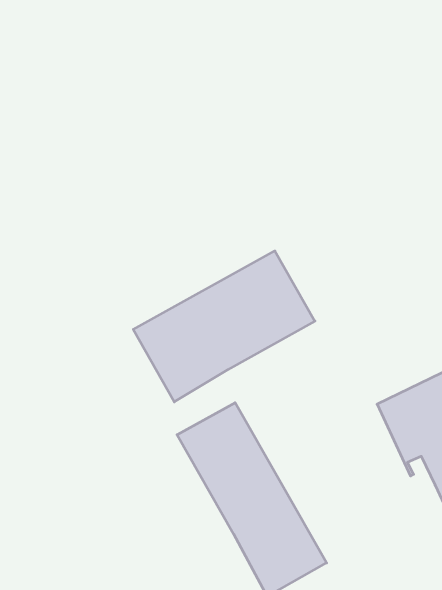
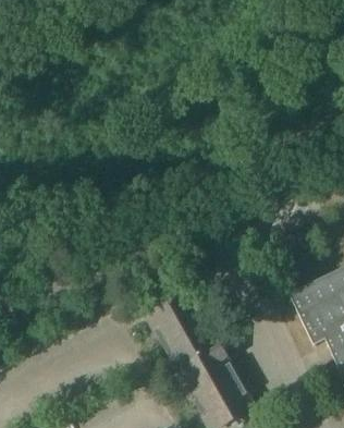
building: [133,251,315,402] -> none

